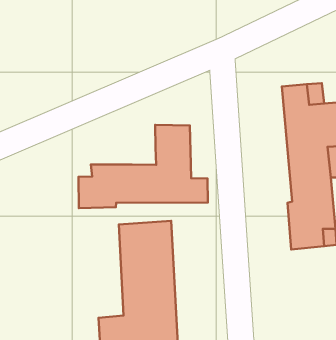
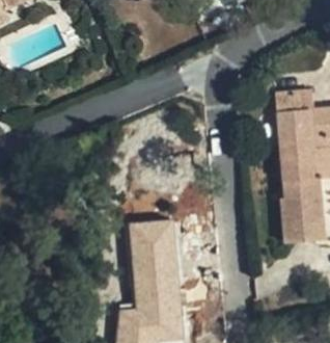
building: [78,125,208,208] -> none

